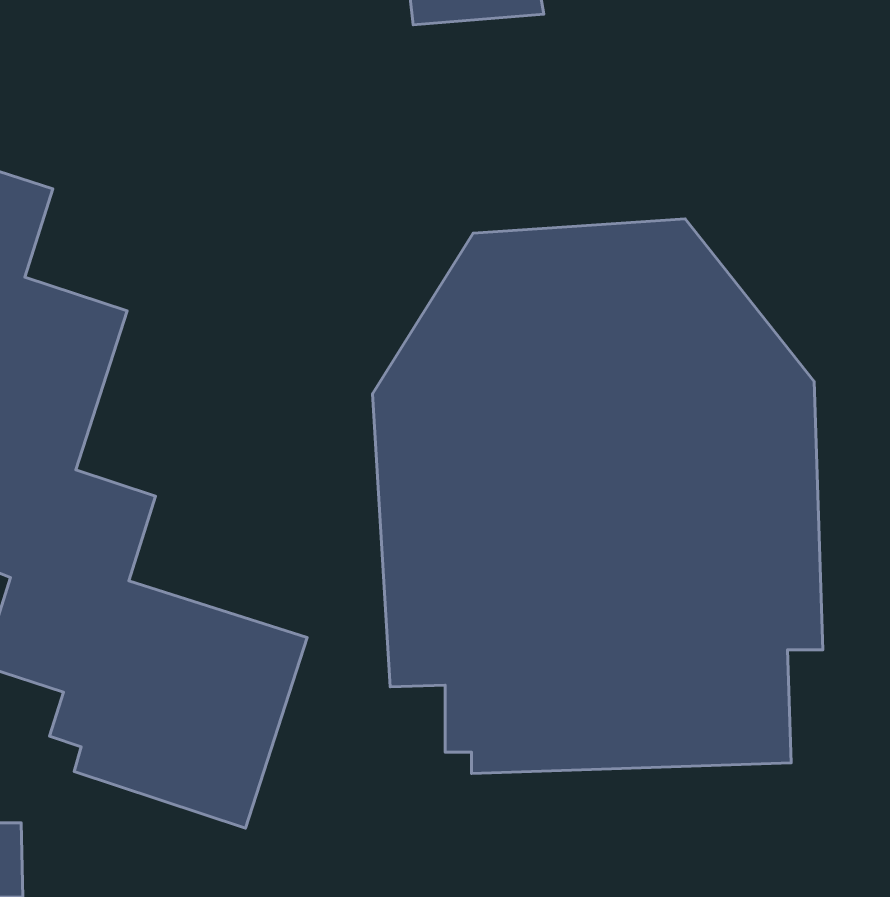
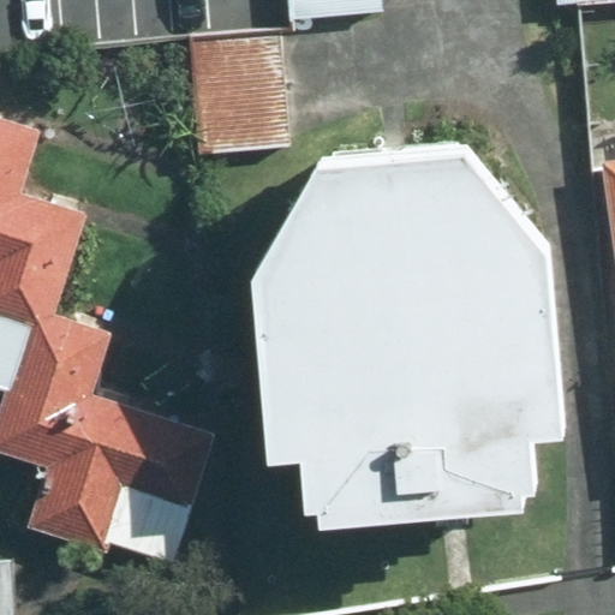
building: none -> [180,26,282,151]

